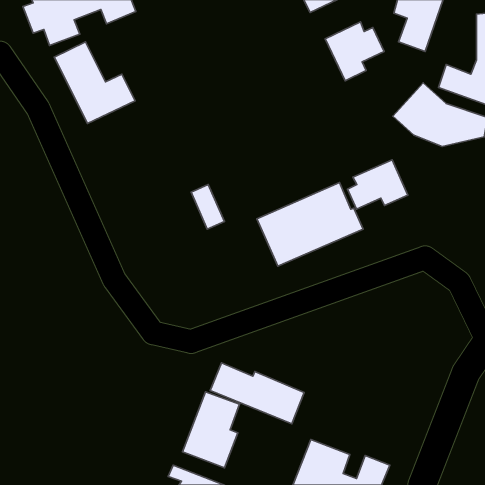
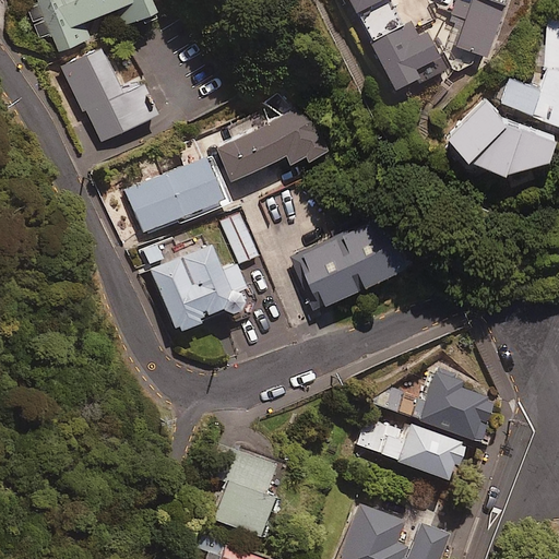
building: none -> [224,103,333,176]
building: none -> [124,157,225,234]
building: [348,160,408,209] -> none
building: none -> [150,243,246,333]
building: none -> [385,379,495,442]
building: [210,363,304,424] -> [357,413,465,483]

